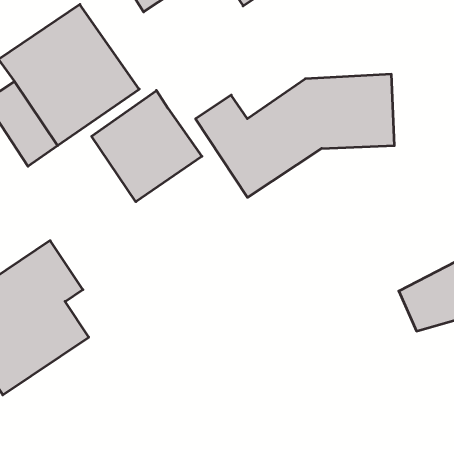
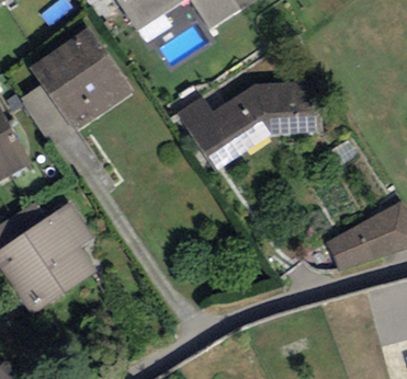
building: [92,90,202,202] -> none

